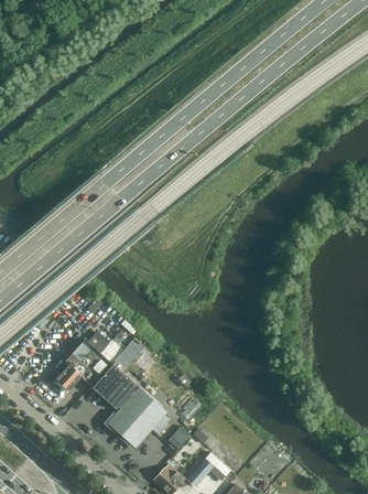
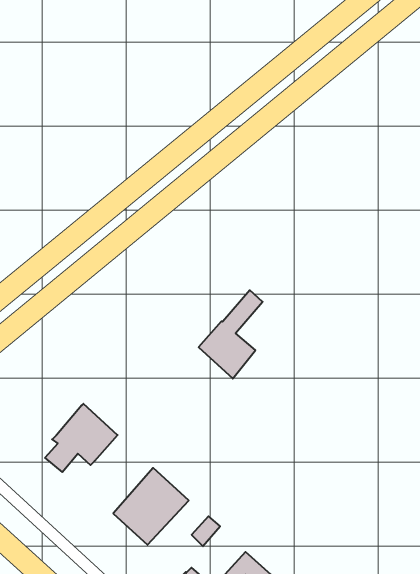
building: [94,339,143,407] -> [199,290,263,379]

